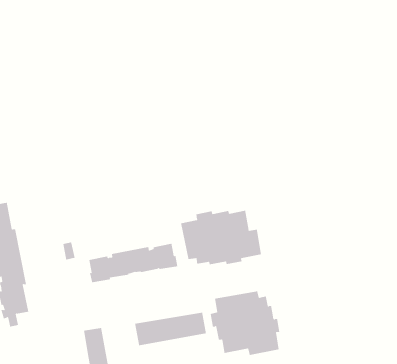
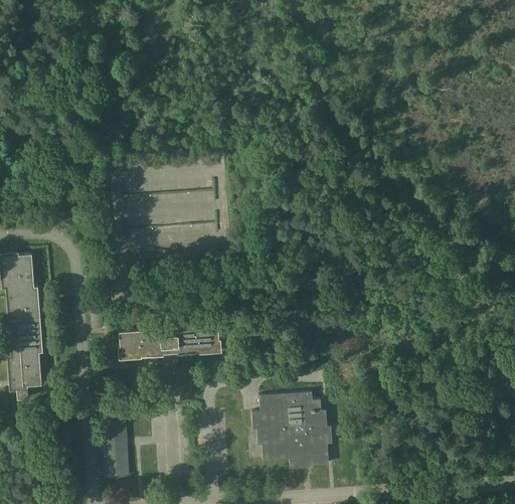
building: [181,210,262,265] -> none
building: [134,312,206,346] -> none

